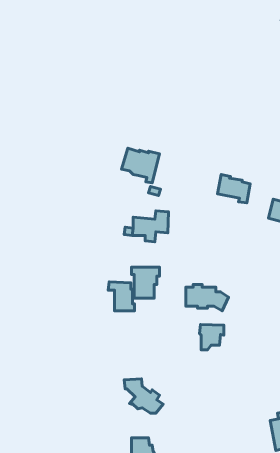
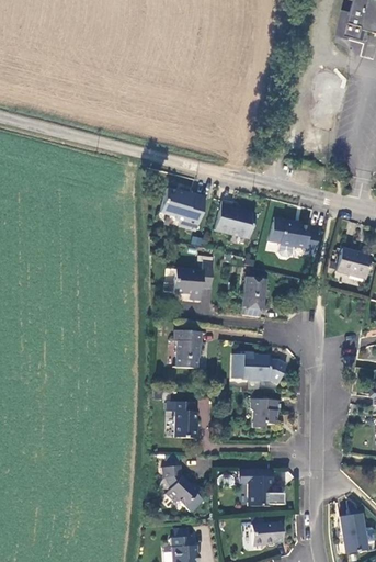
building: none -> [212,203,251,241]
building: none -> [240,274,265,315]
building: [108,282,134,311] -> [168,402,200,437]
building: none -> [241,467,276,503]
building: none -> [251,520,282,543]

